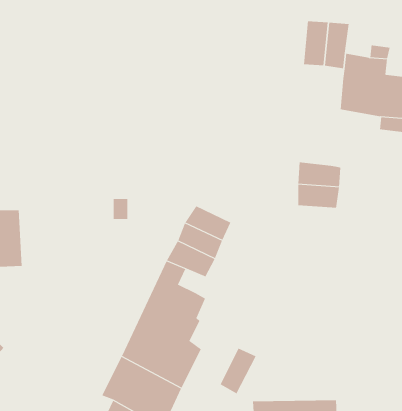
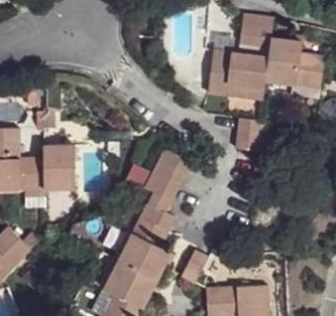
building: none -> [214,50,272,100]
building: none -> [41,140,74,191]

